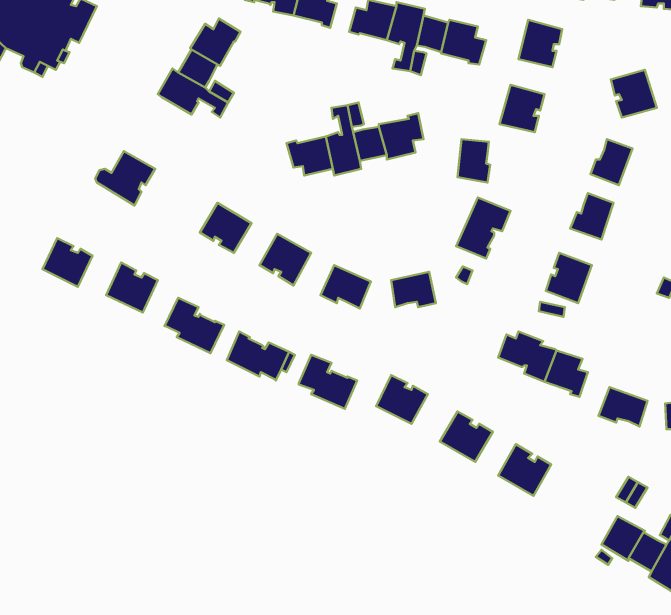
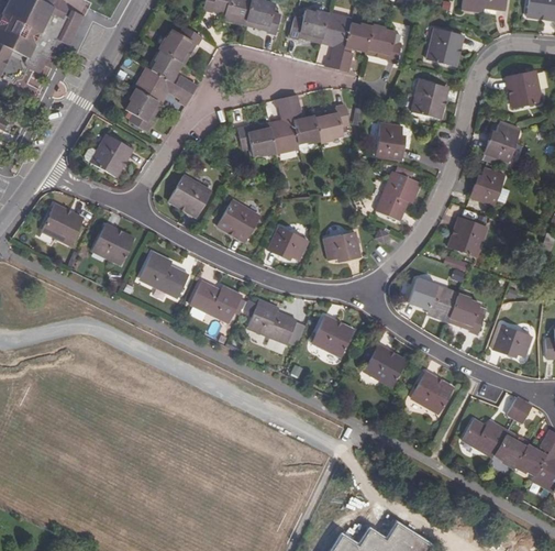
building: none -> [126,89,162,131]
building: none -> [463,416,507,452]

